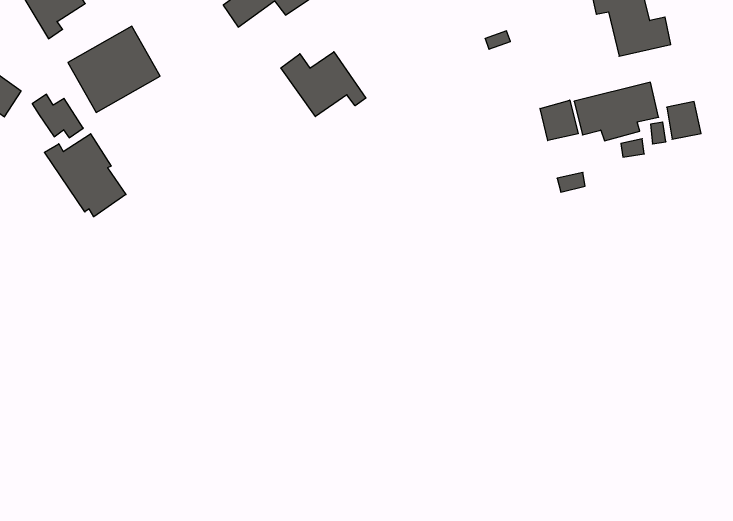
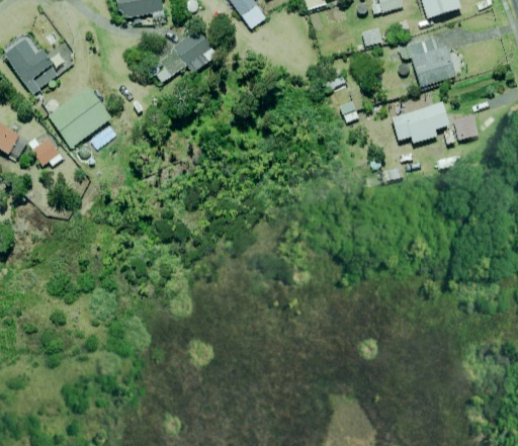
building: [281,52,366,117] -> none
building: [540,100,578,141] -> none
building: [44,134,126,217] -> none

